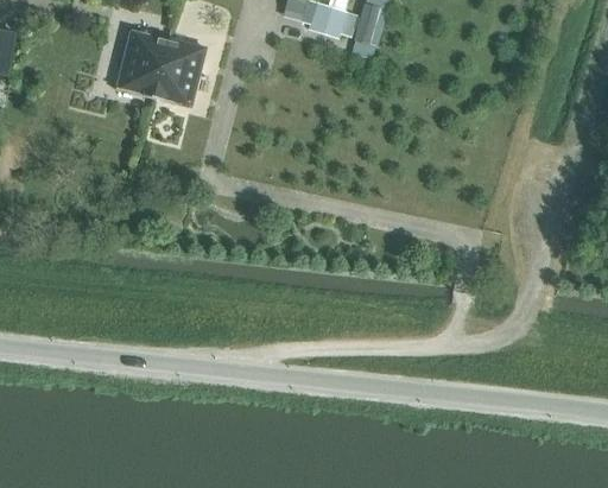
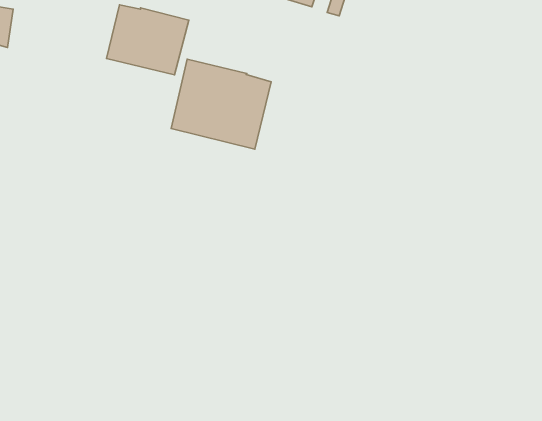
building: none -> [171,59,271,149]

